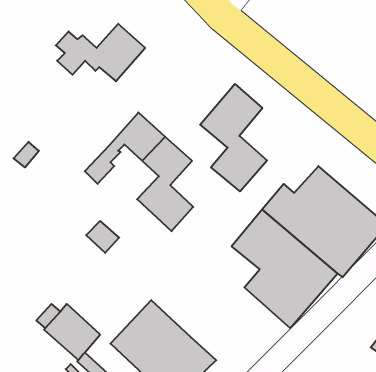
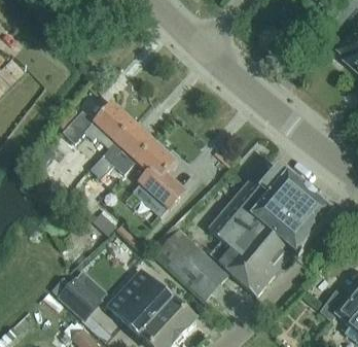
building: [56,24,145,81] -> [62,101,134,147]
building: [200,84,267,191] -> none
building: none -> [157,229,227,298]

